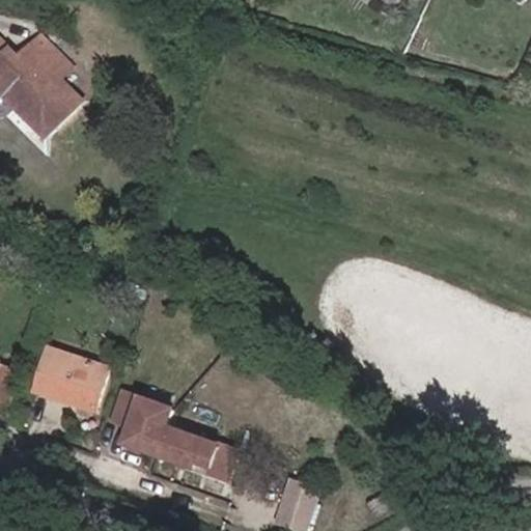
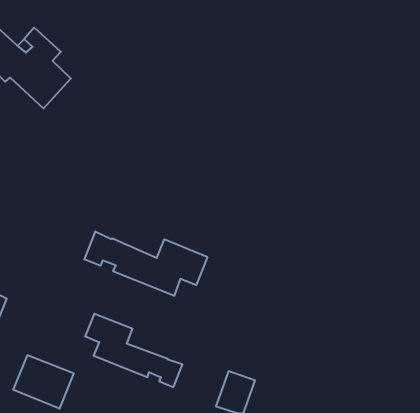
building: none -> [84,231,207,296]
building: [30,346,106,413] -> [13,355,74,409]

